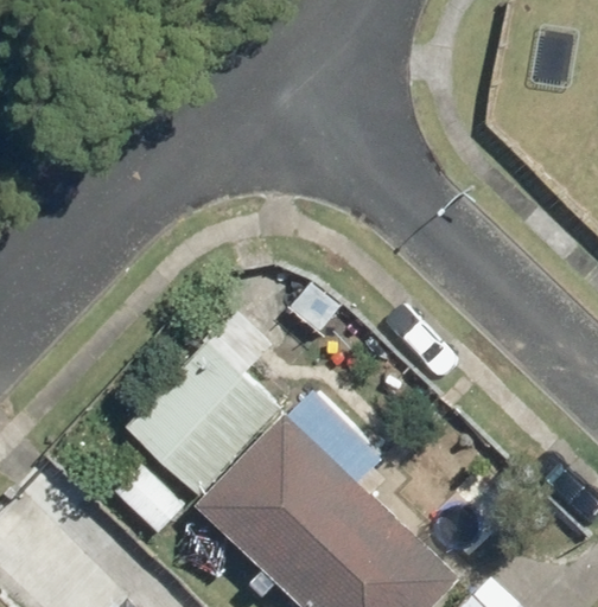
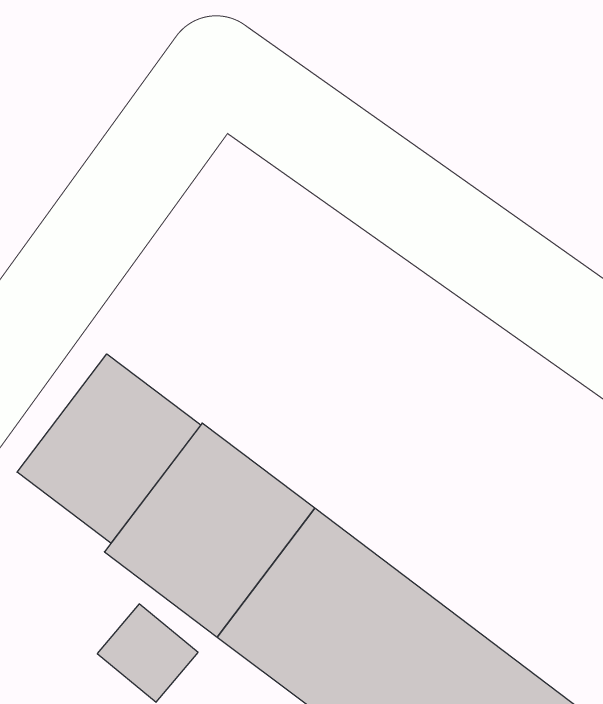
building: none -> [17,354,201,543]

